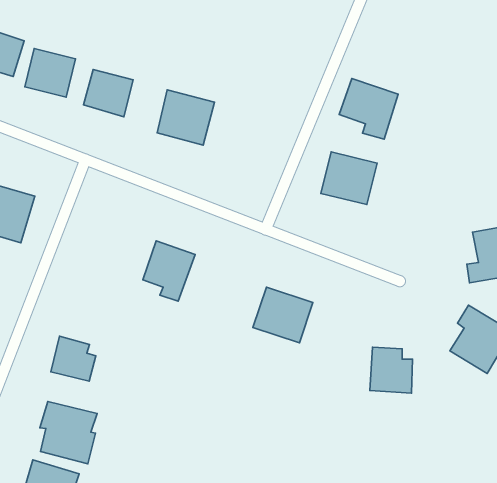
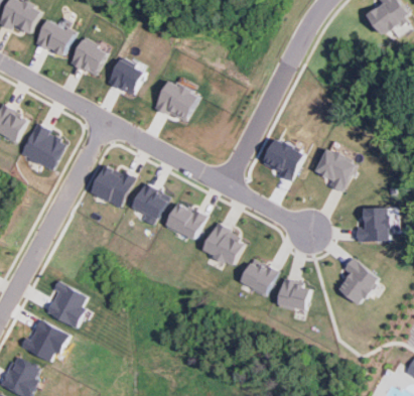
building: [339,79,398,139] -> [314,147,357,191]
building: none -> [91,164,137,208]
building: none -> [166,202,206,240]
building: none -> [240,258,276,295]
building: [51,336,96,381] -> none

